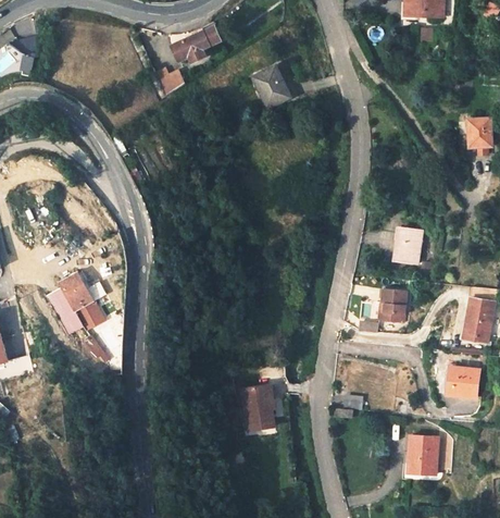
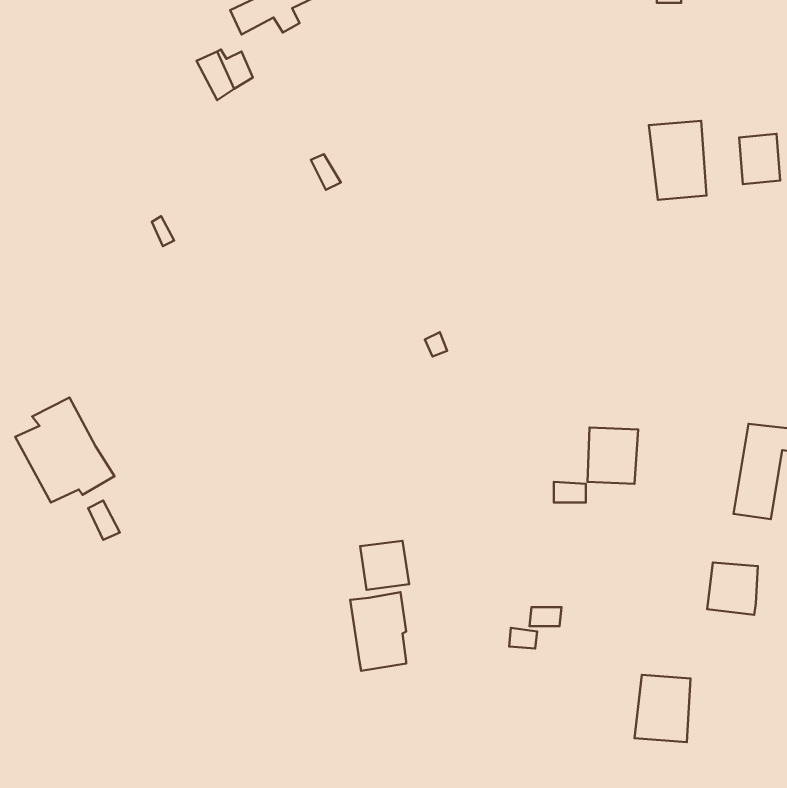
building: [253,66,287,108] -> none
building: none -> [649,121,706,200]
building: [395,230,420,264] -> none
building: none -> [360,541,409,590]

